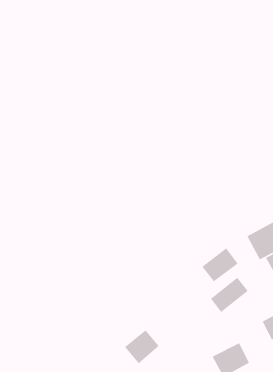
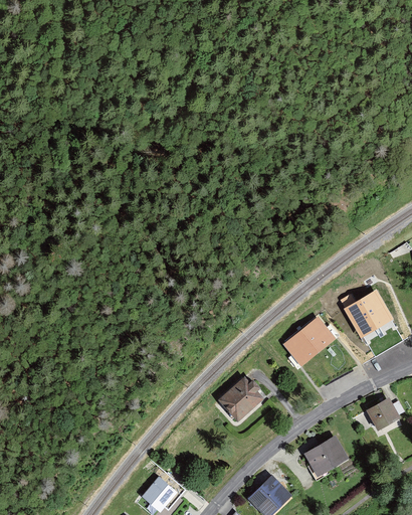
building: [210,277,249,313] -> none
building: [124,330,160,364] -> [219,377,263,420]

